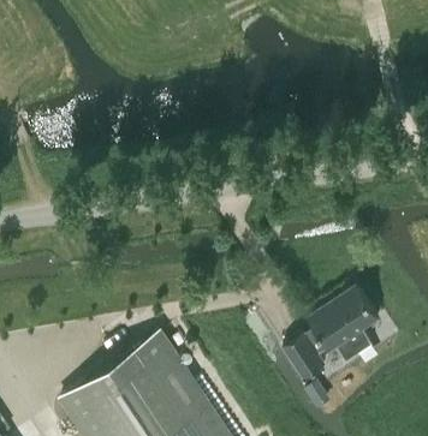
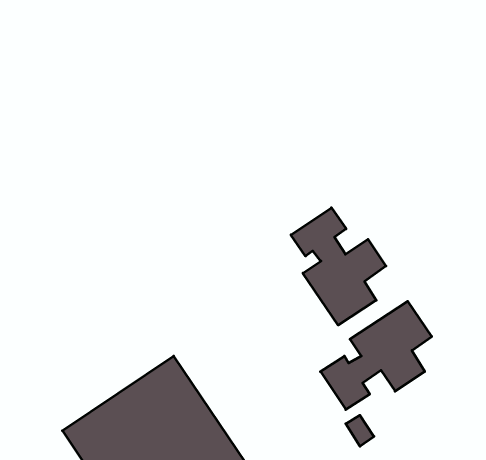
building: none -> [291,208,386,325]

